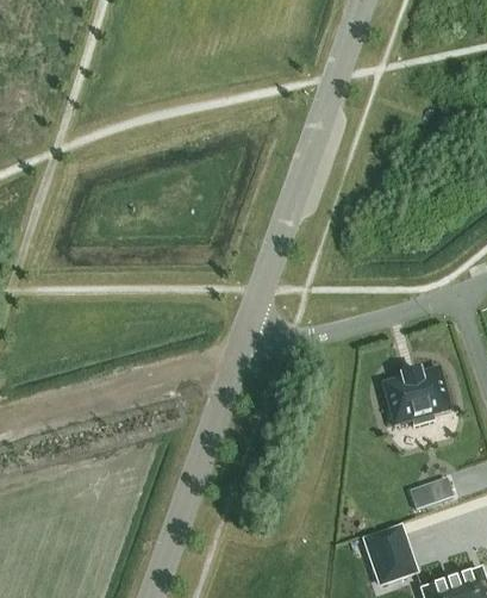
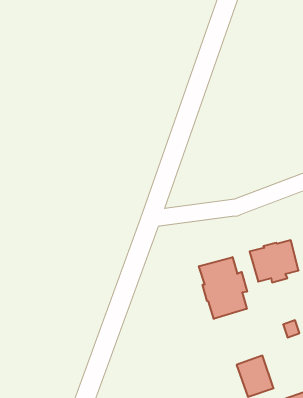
building: none -> [199,257,247,319]

